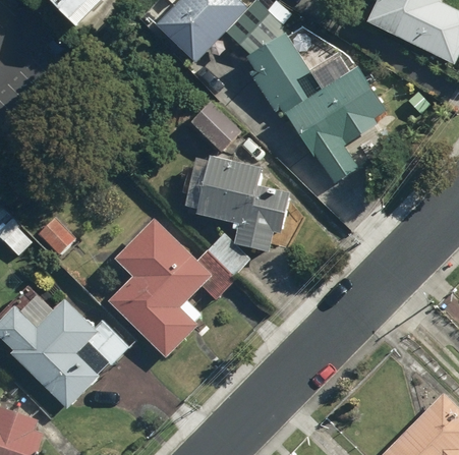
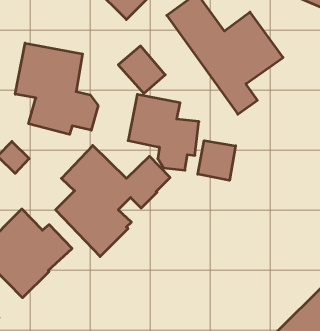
building: none -> [15,43,98,134]
building: none -> [198,141,236,180]

